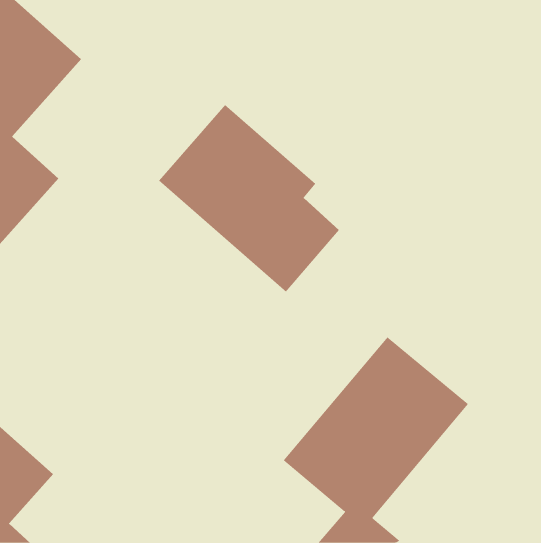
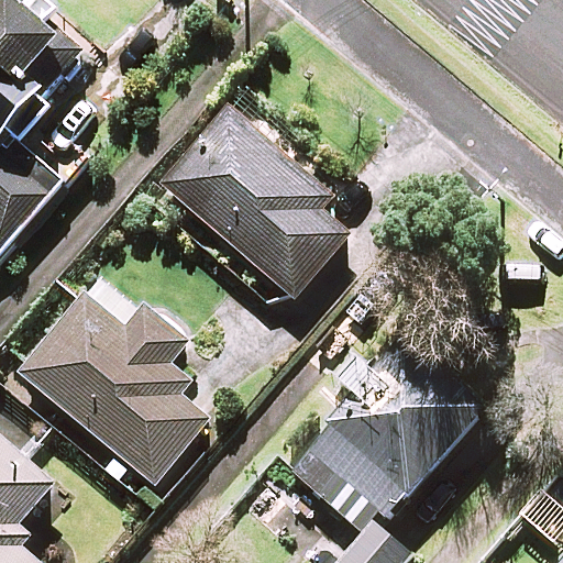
building: none -> [18,295,208,484]

